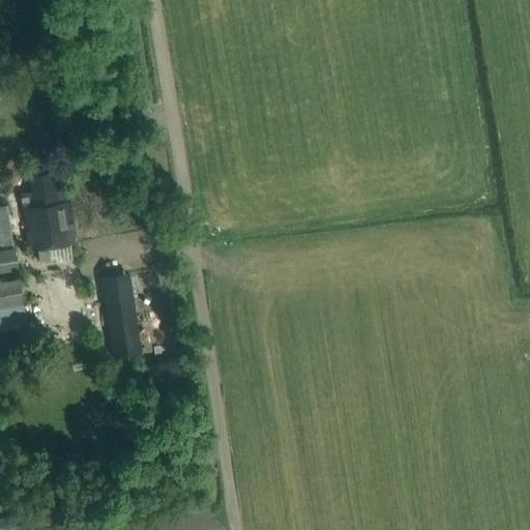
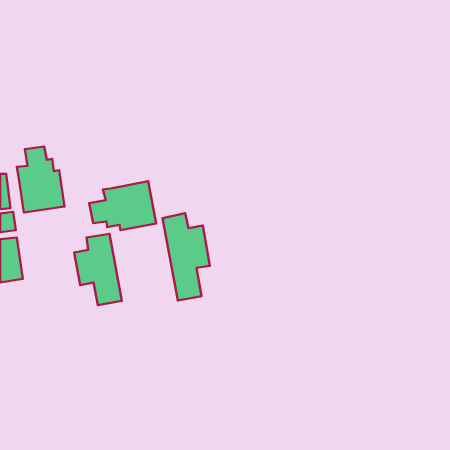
building: none -> [89,181,156,230]
building: none -> [163,213,210,300]

